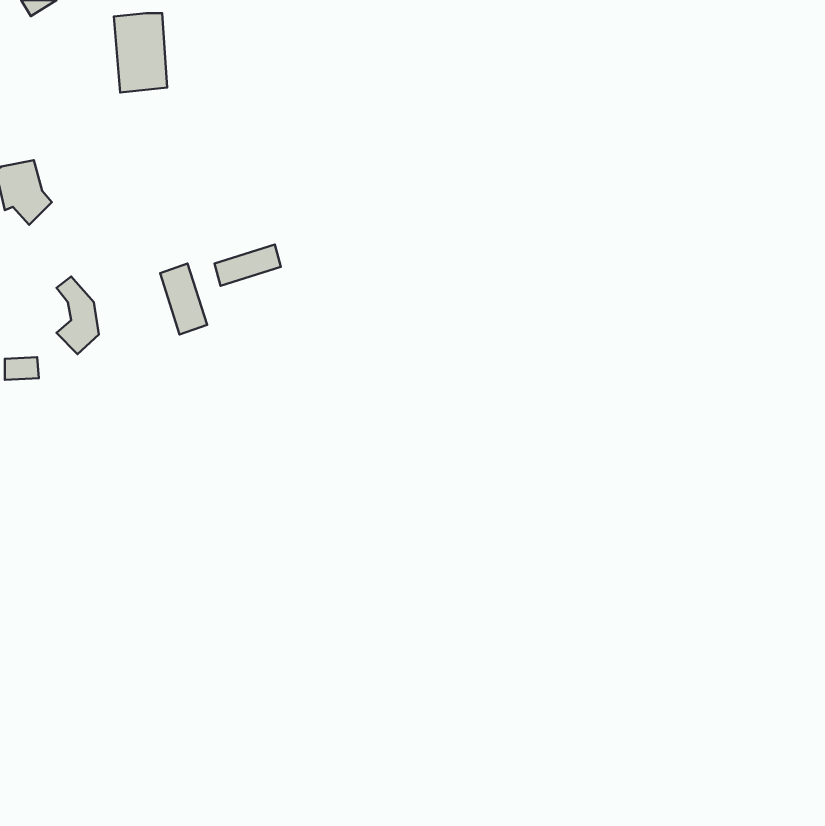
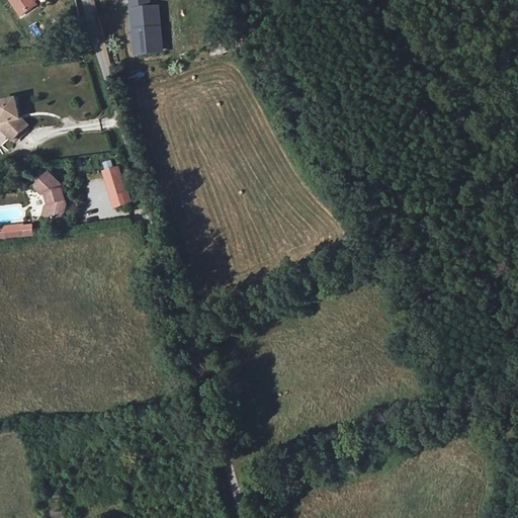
building: [114,13,167,93] -> [127,5,161,55]
building: [214,244,281,286] -> none

